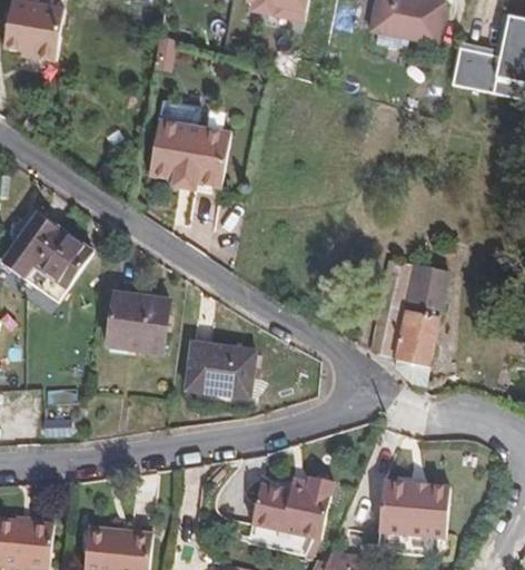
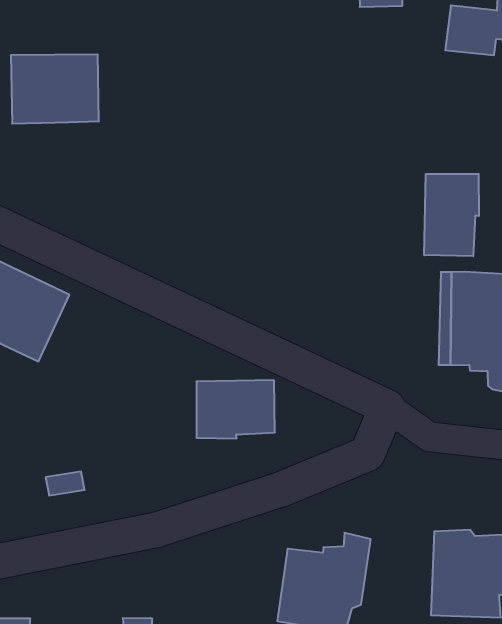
building: [160,111,238,175] -> [11,54,99,124]
building: none -> [424,174,479,256]
building: [118,293,169,348] -> none

